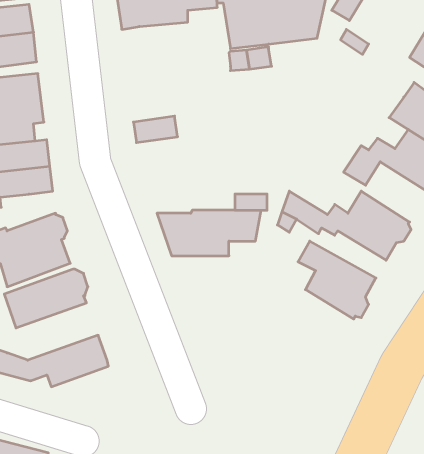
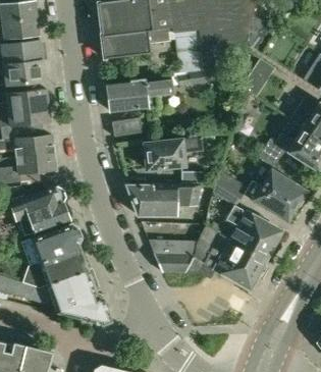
building: none -> [106,79,172,110]
building: none -> [141,137,201,169]
building: none -> [148,223,264,285]
building: none -> [23,247,87,286]
building: none -> [54,290,111,324]

